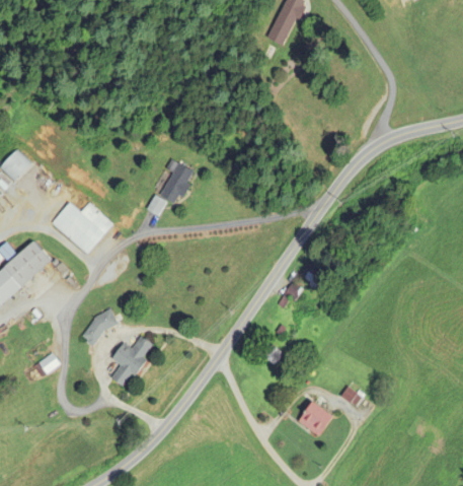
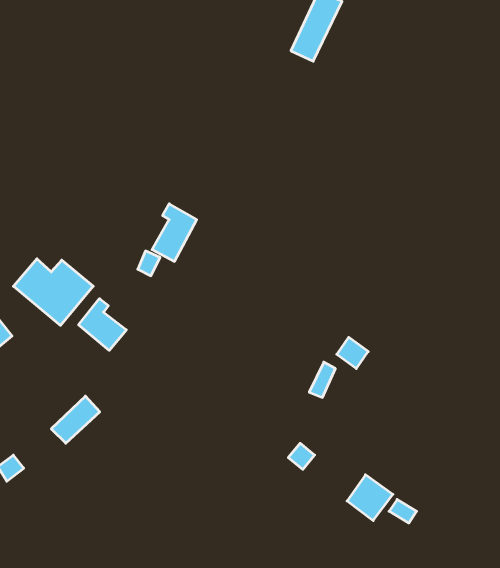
building: none -> [79,299,126,350]
building: [110,335,154,388] -> none
building: [298,401,333,436] -> [347,475,393,521]

